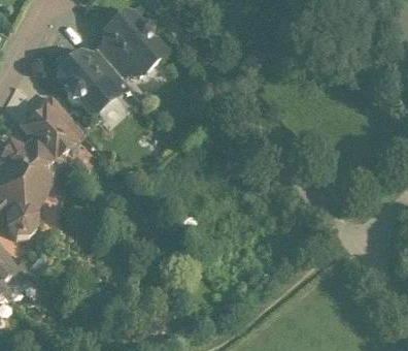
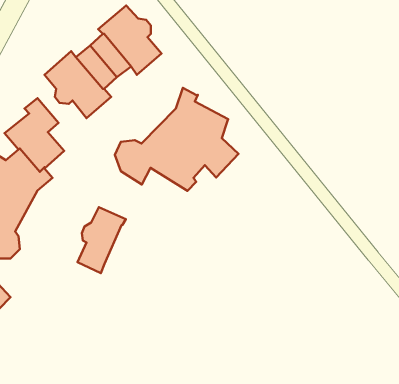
building: none -> [115,88,238,191]
building: none -> [77,207,126,273]

